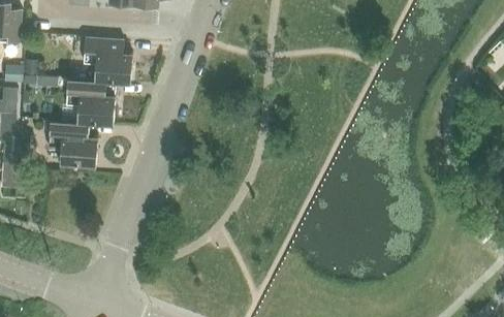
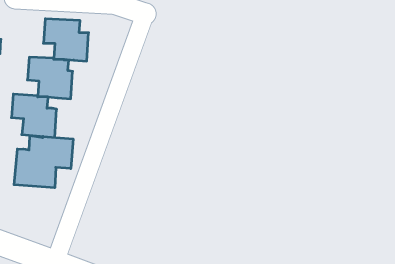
building: none -> [14,136,73,188]

